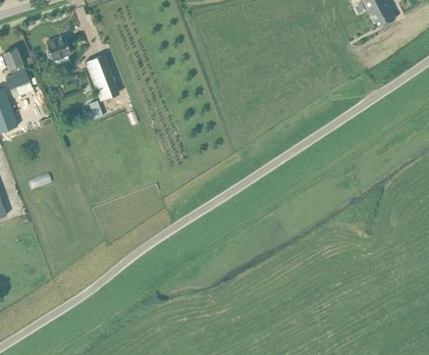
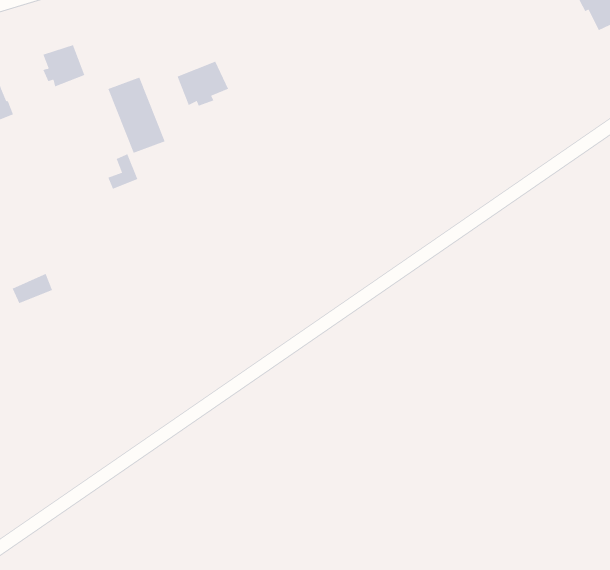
building: none -> [177,61,229,106]

